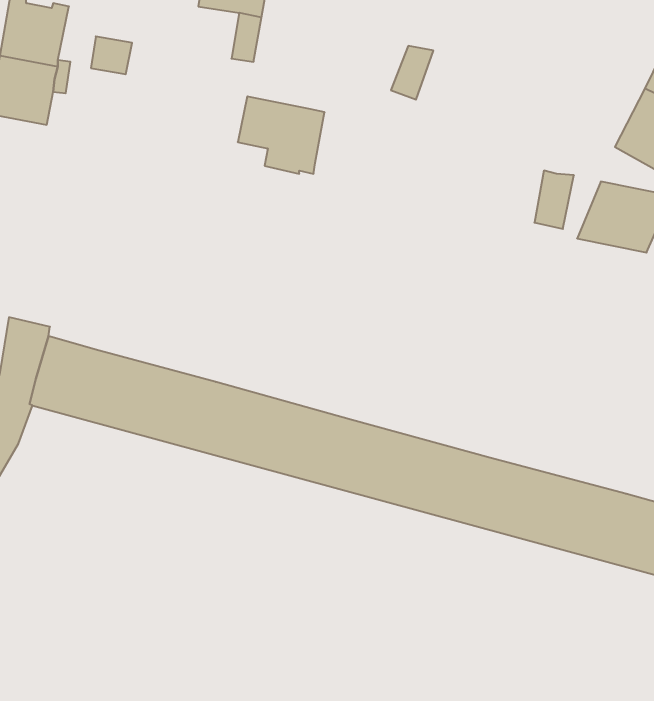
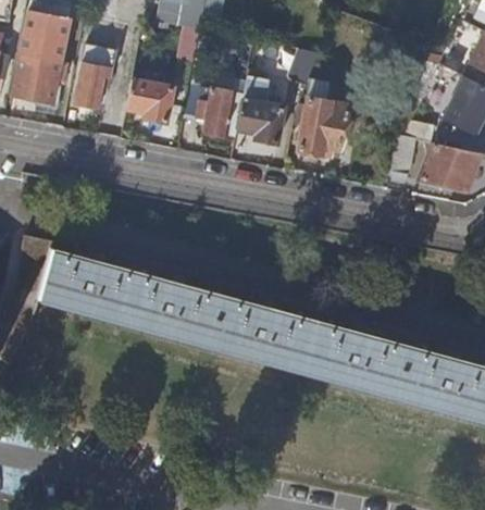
building: none -> [73,64,112,112]
building: none -> [236,78,283,144]
building: none -> [126,79,172,123]
building: none -> [297,86,350,156]

